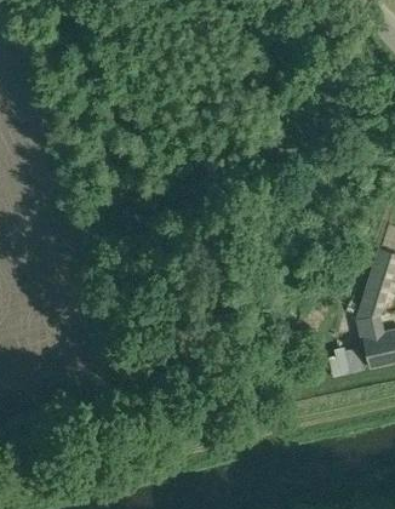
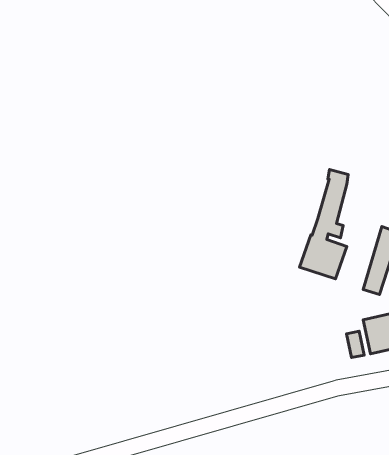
building: none -> [299,170,348,279]

